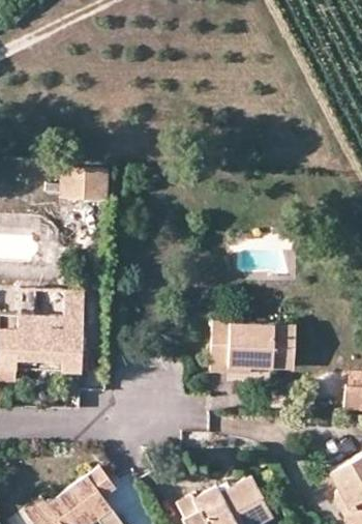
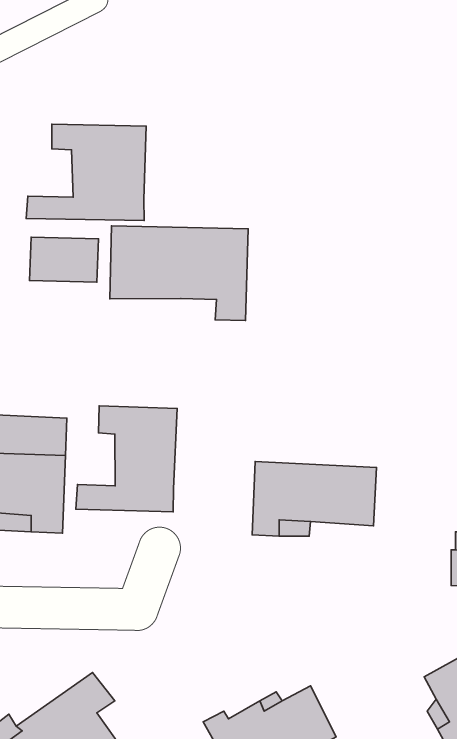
building: none -> [26,124,146,220]
building: none -> [110,226,248,320]
building: none -> [76,406,177,512]

